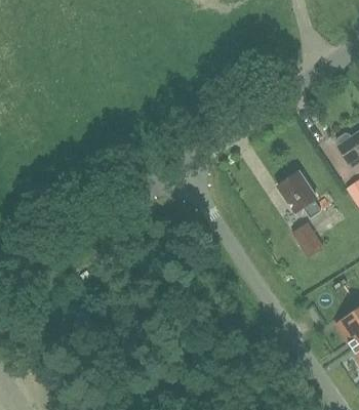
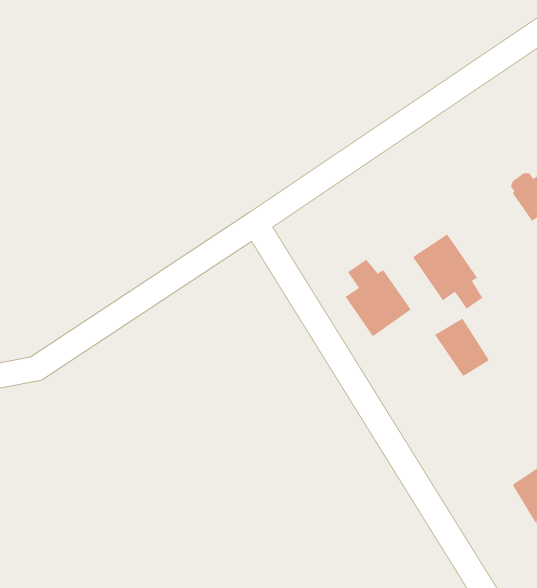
building: none -> [345,259,411,337]

